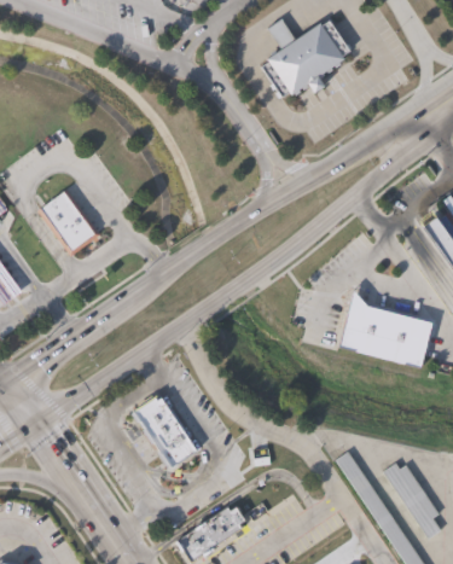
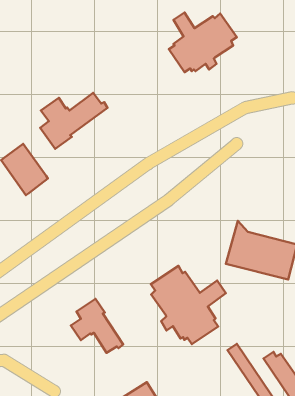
building: none -> [40,93,107,149]
building: none -> [151,266,226,344]

